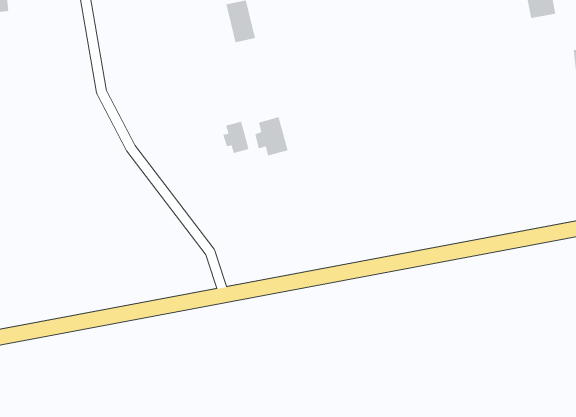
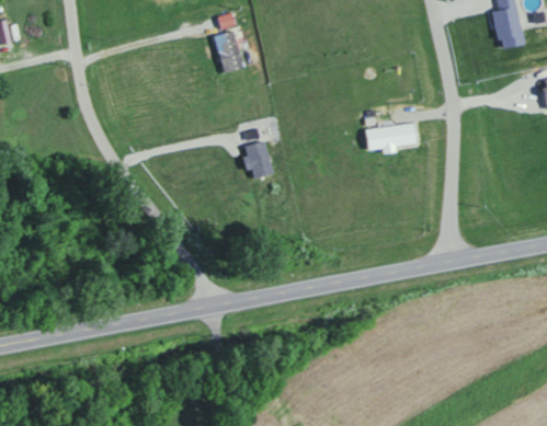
building: none -> [364,124,419,153]
building: [223,121,249,154] -> none

